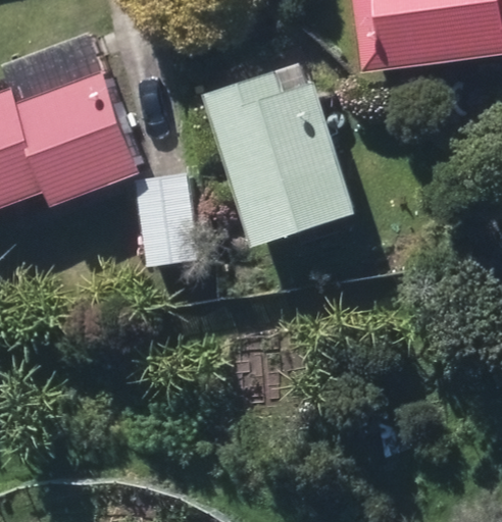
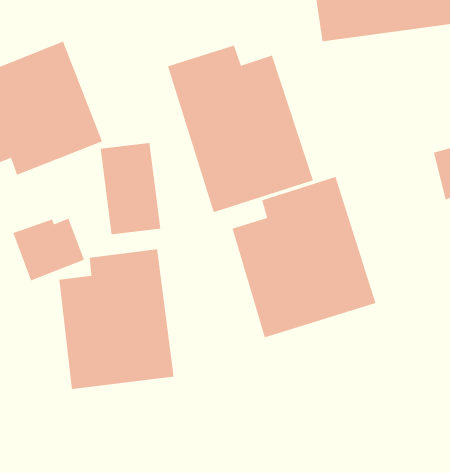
building: none -> [232,176,376,338]
building: none -> [59,248,174,390]

